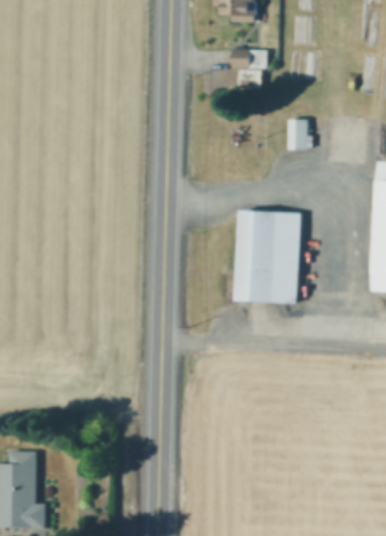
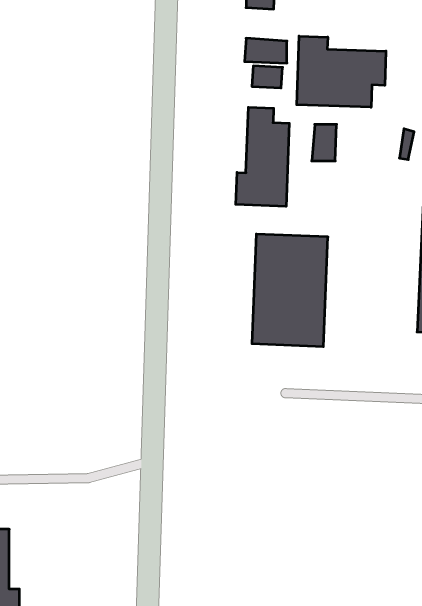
building: none -> [297,36,386,107]
building: none -> [236,107,289,206]

